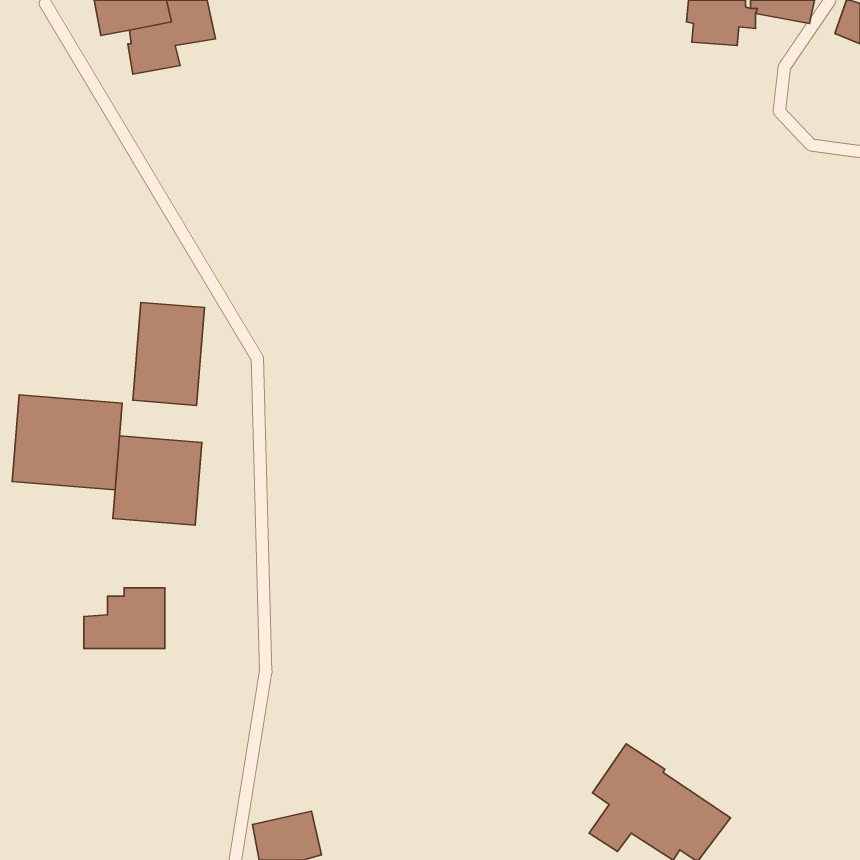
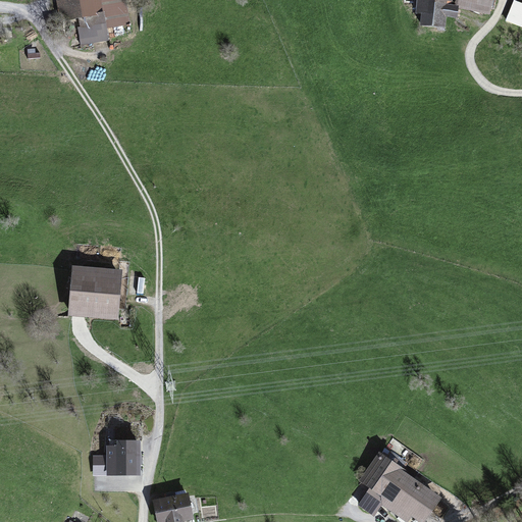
building: [133,302,204,405] -> none
building: [12,395,122,490] -> none
building: [84,588,165,648] -> [93,438,142,475]

